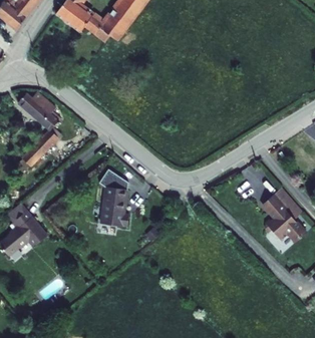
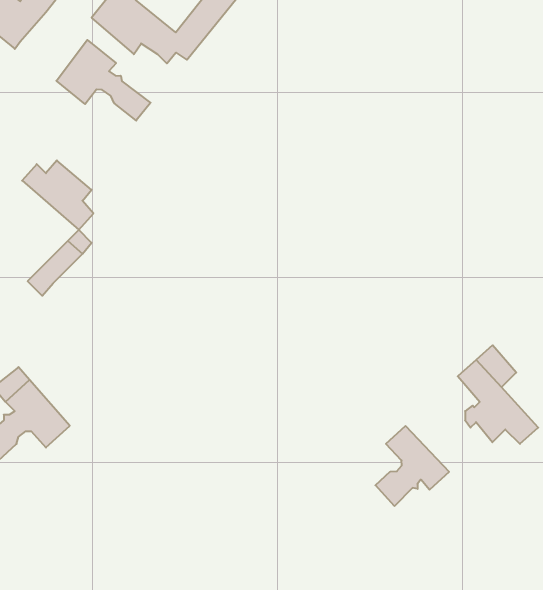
building: none -> [56,40,151,121]
building: [95,173,126,231] -> none
building: none -> [375,426,449,506]

